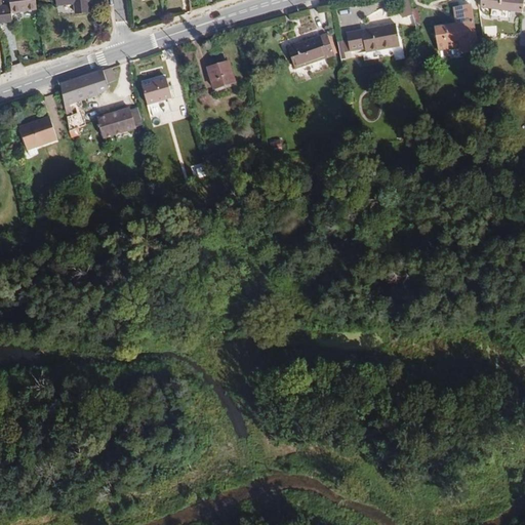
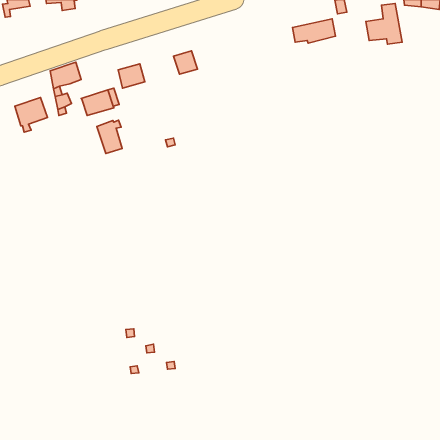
building: [288,33,333,68] -> none
building: [90,67,115,94] -> none
building: none -> [97,120,122,154]

